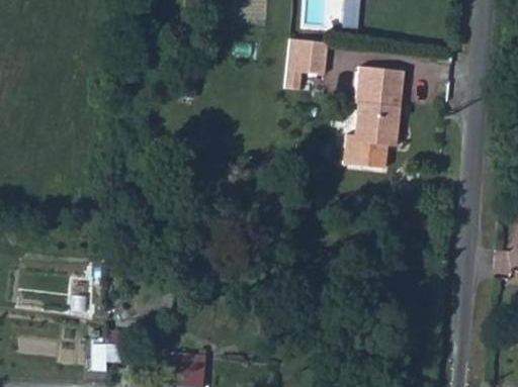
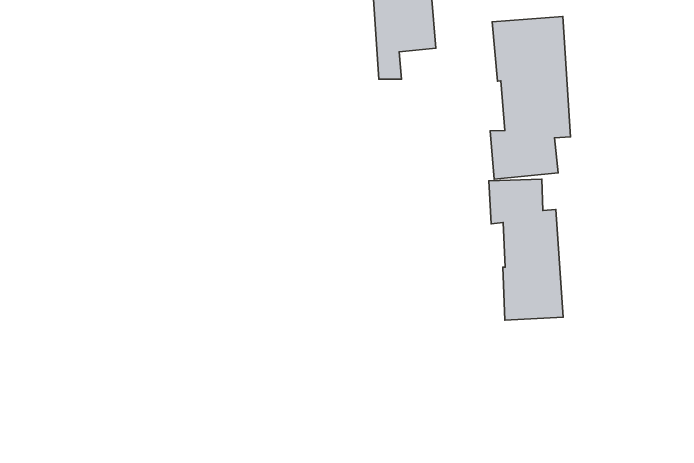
building: none -> [489,179,563,320]

